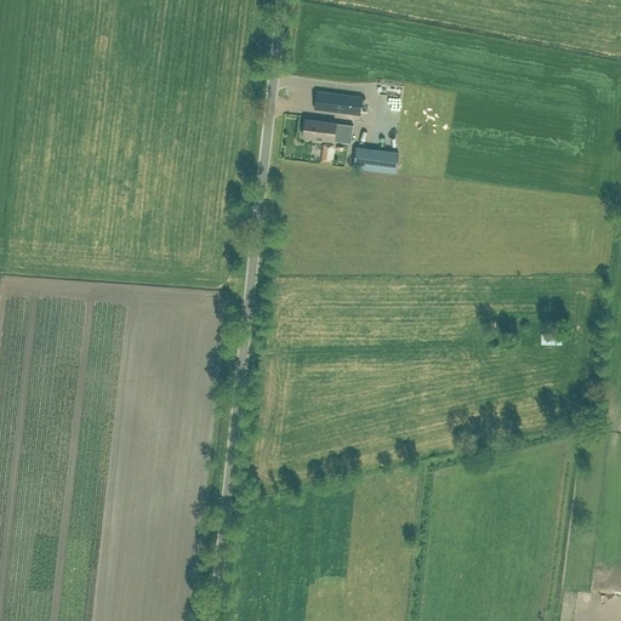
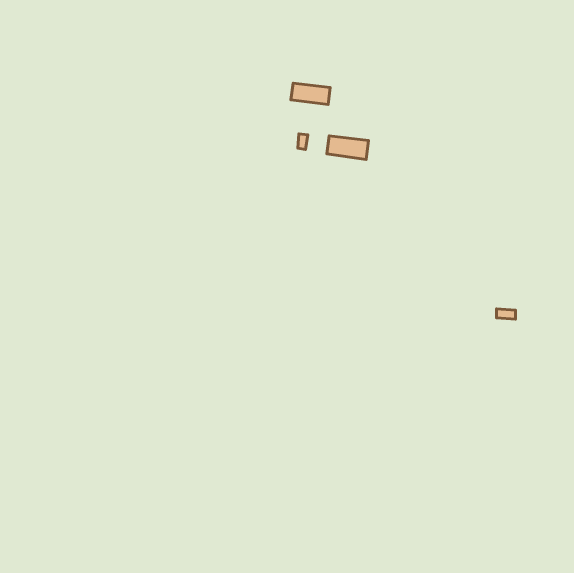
building: [303,118,335,139] -> none

